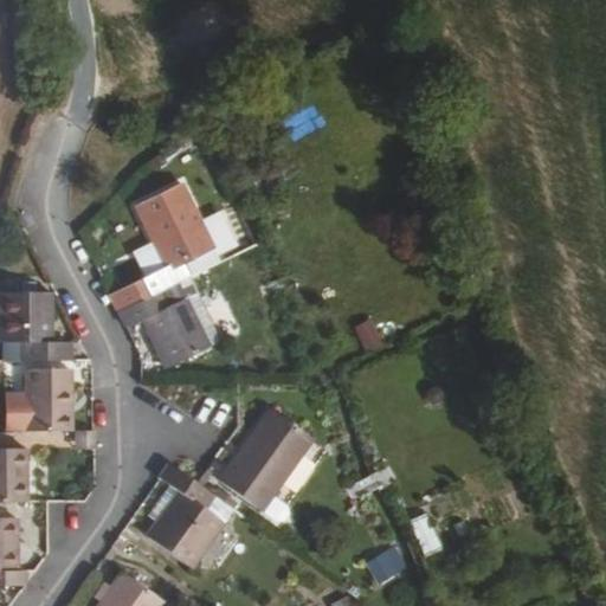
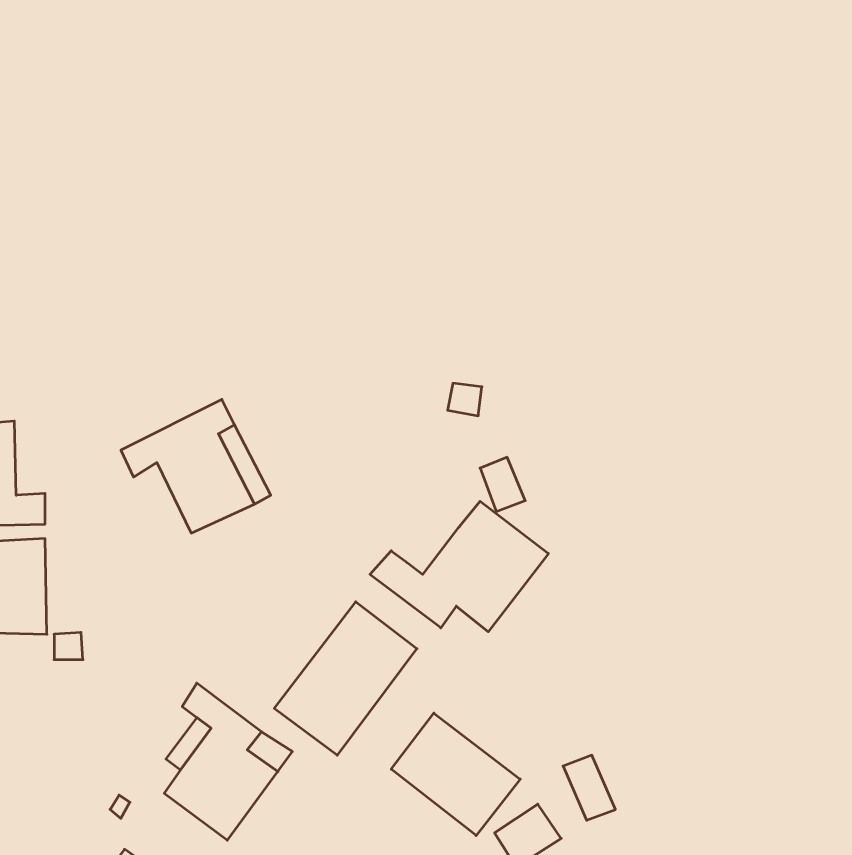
building: [110,185,212,311] -> none
building: none -> [370,501,548,632]
building: none -> [391,713,520,836]

